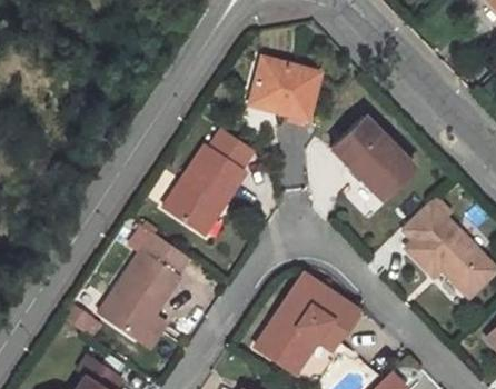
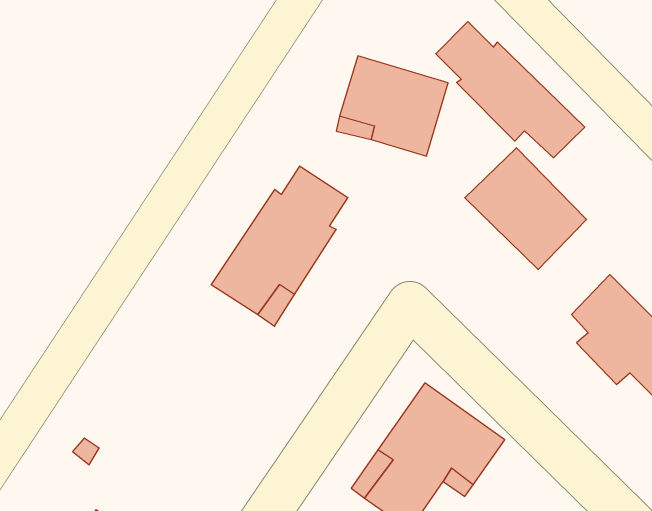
building: none -> [436,22,585,158]
building: [100,235,192,340] -> none

